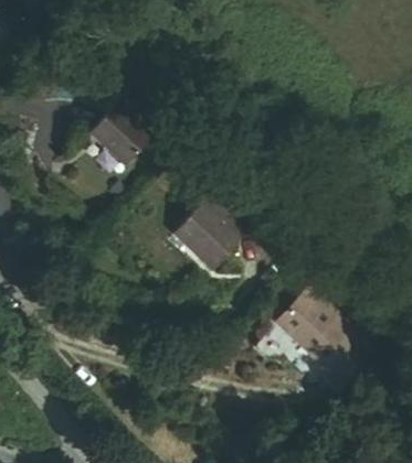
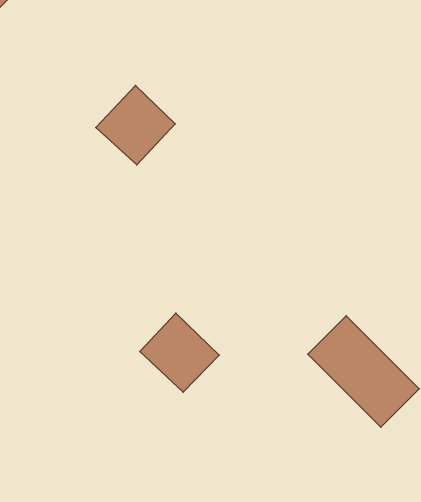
building: [172,202,243,272] -> [140,313,219,392]

